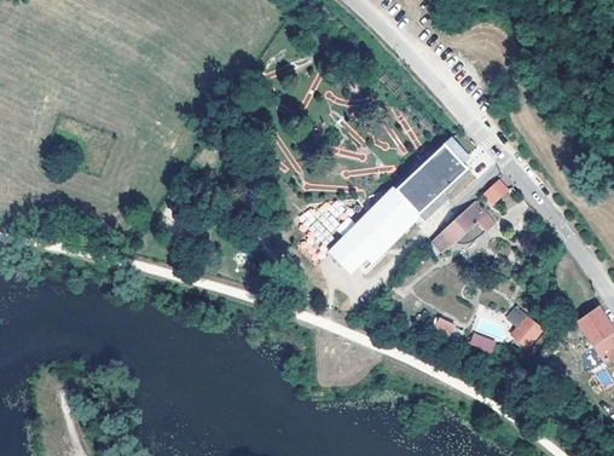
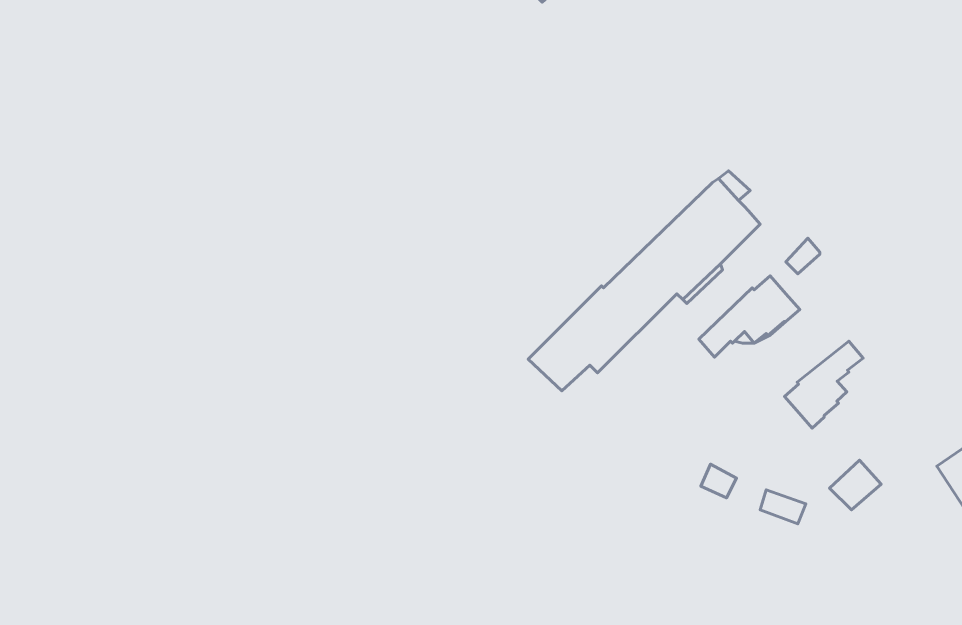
building: none -> [785,341,863,428]

